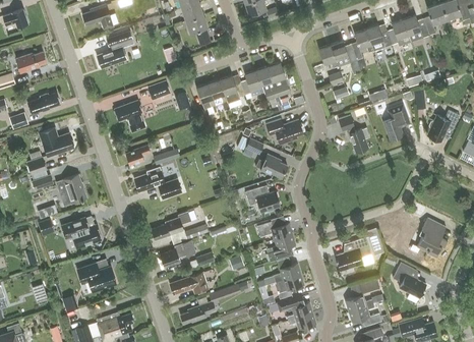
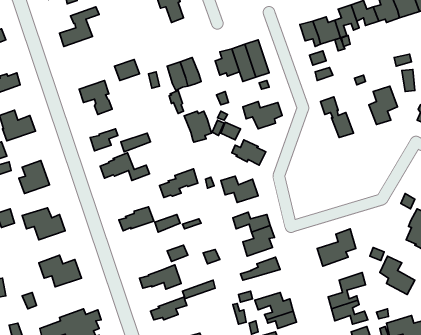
building: [219,73,244,102] -> [184,111,212,142]
building: [160,238,195,265] -> [159,169,198,197]
building: [276,274,303,298] -> none

